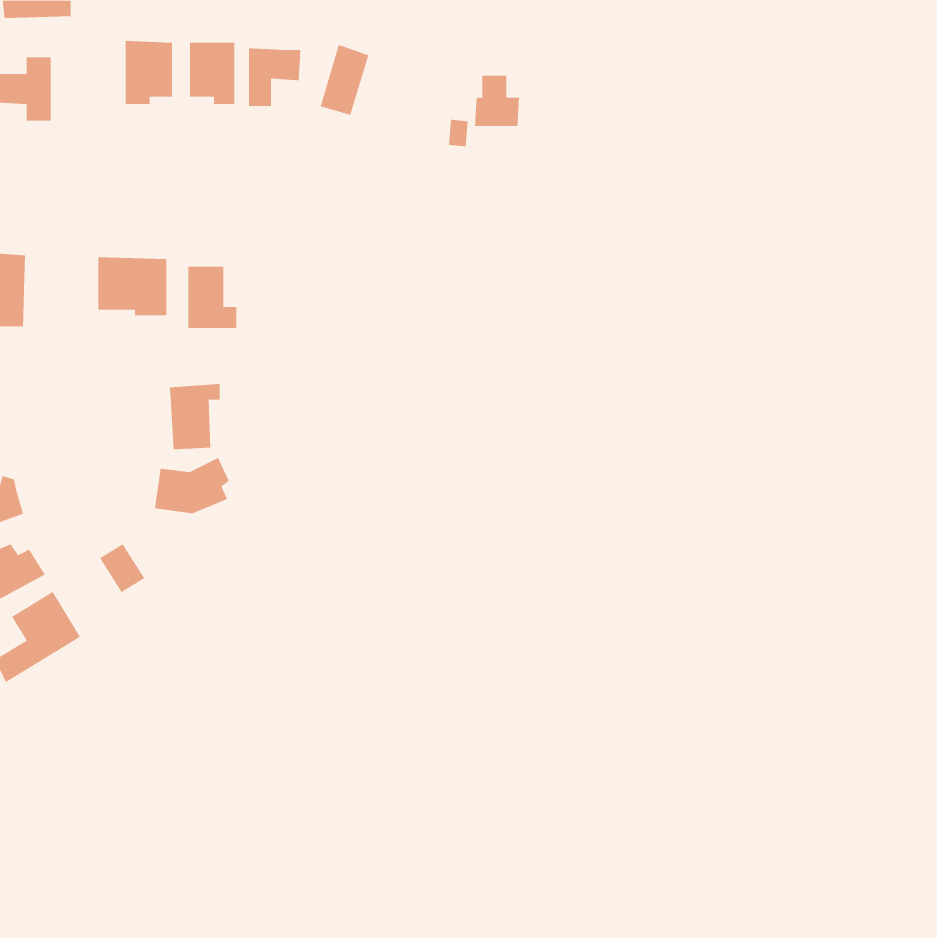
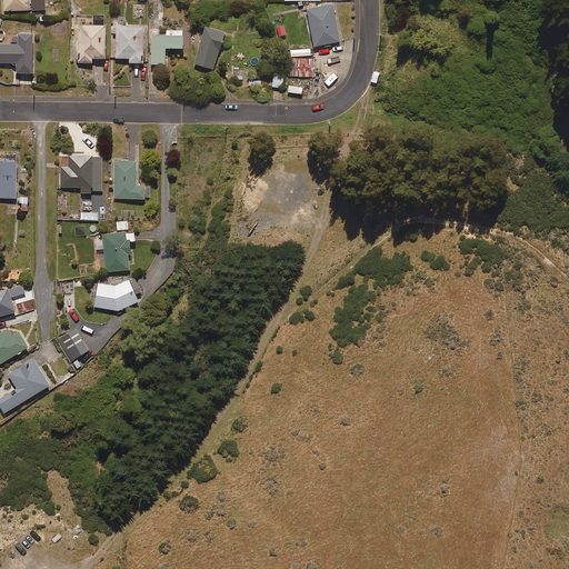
building: none -> [307,4,338,54]

